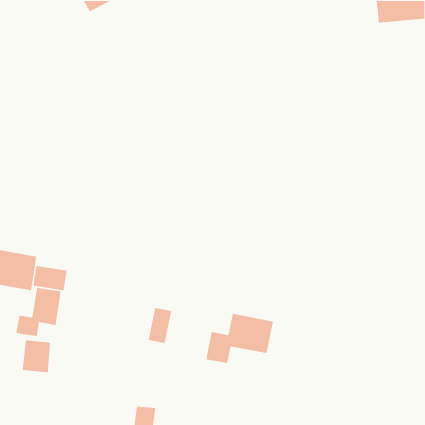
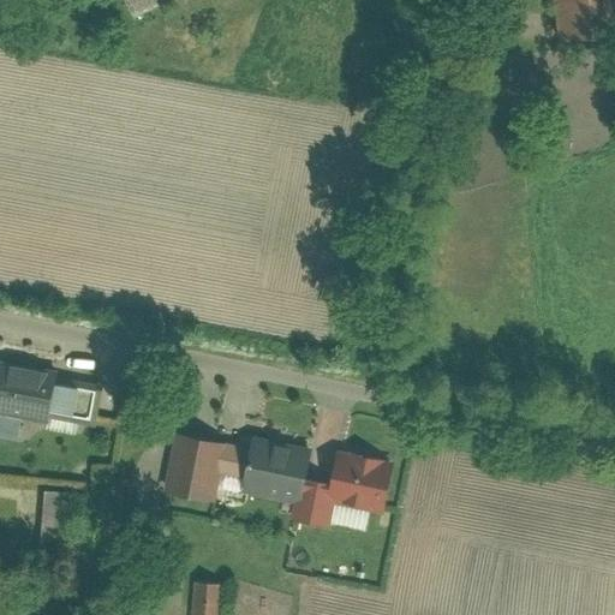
building: [16,287,62,337] -> none
building: none -> [162,435,222,500]
building: none -> [239,441,309,502]

